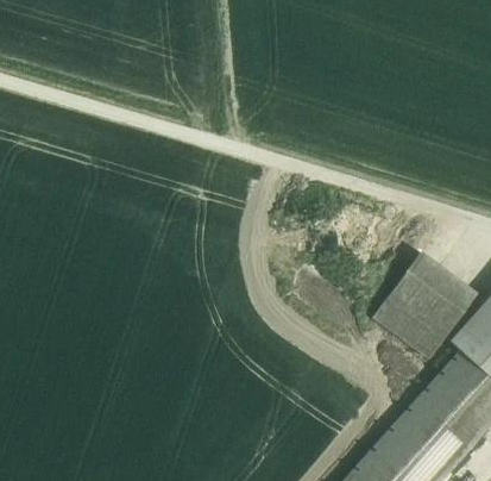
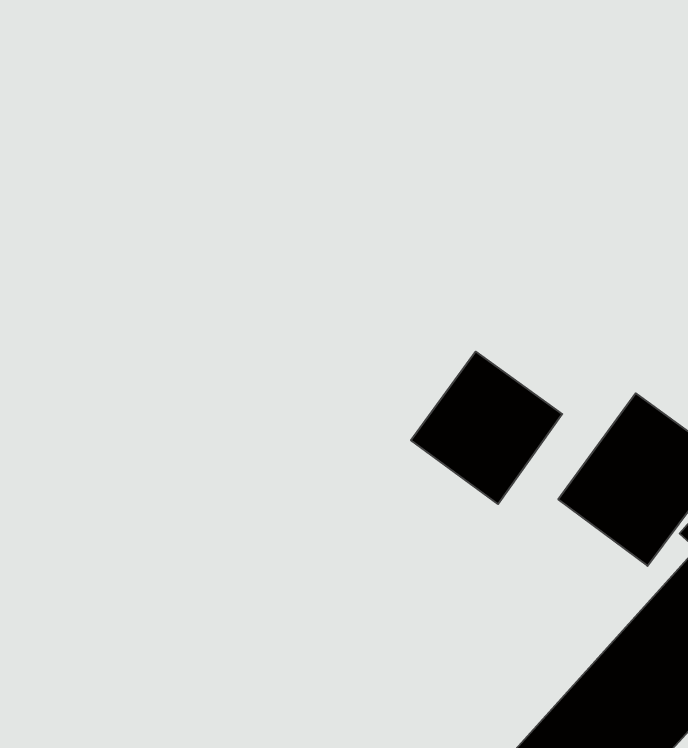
building: none -> [411,352,562,504]

